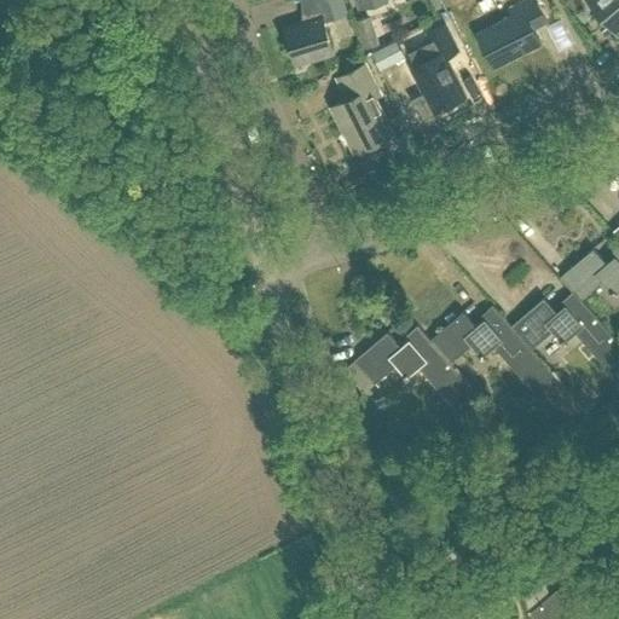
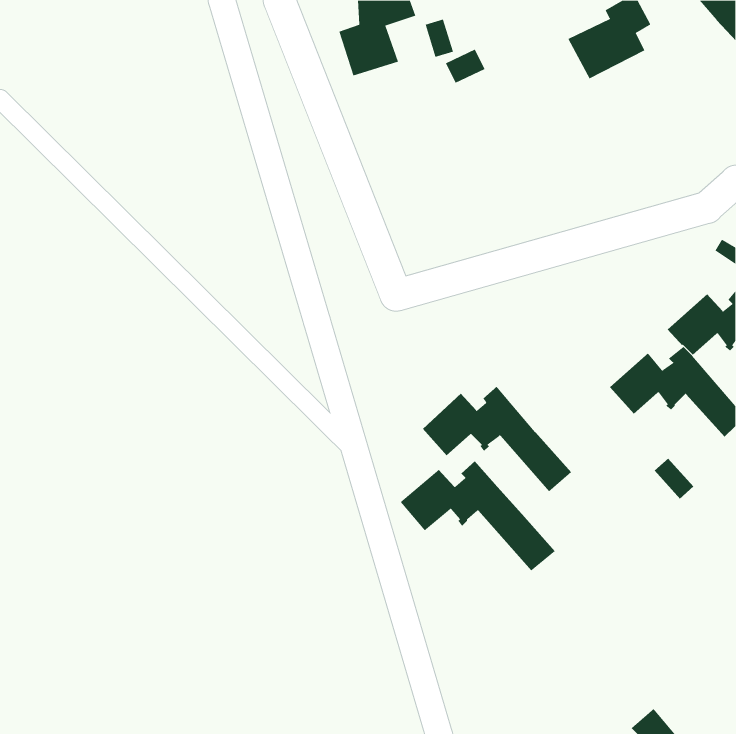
building: [411,24,467,118] -> none
building: [331,63,394,154] -> none
building: [429,305,560,398] -> [400,461,556,571]

